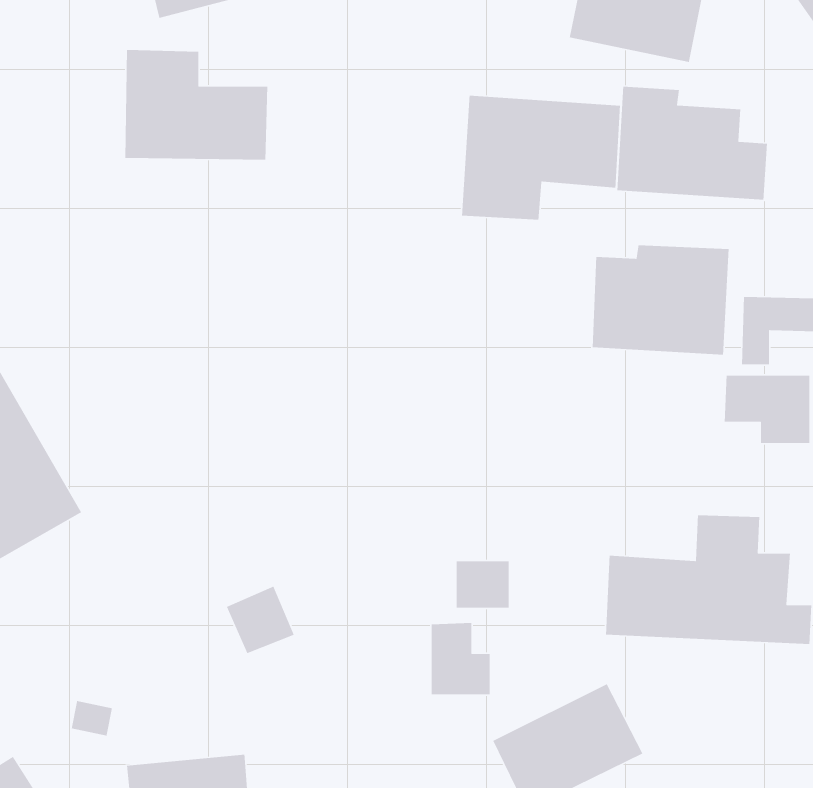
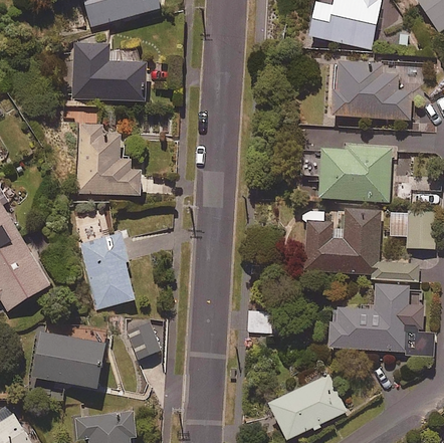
building: [461,95,621,221] -> none
building: none -> [77,123,144,194]
building: none -> [300,208,414,280]
building: none -> [73,212,136,308]
building: none -> [32,318,109,387]
building: [431,622,491,695] -> none

